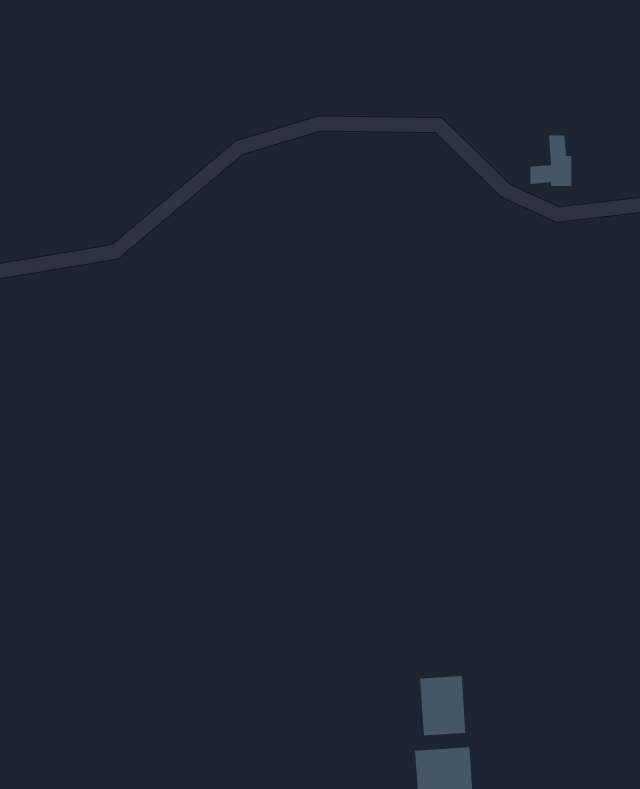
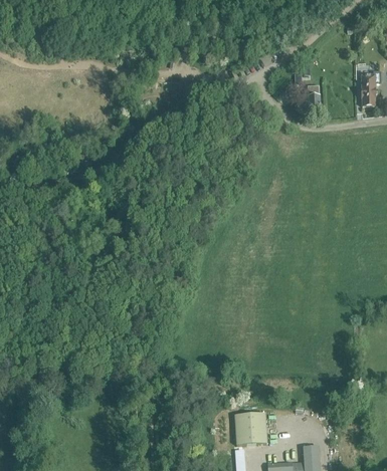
building: [419,675,466,736] -> none

